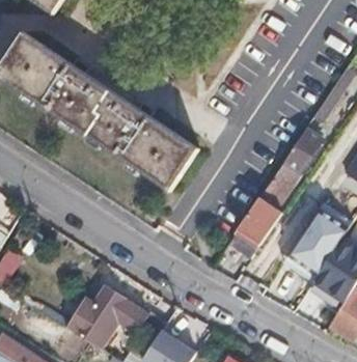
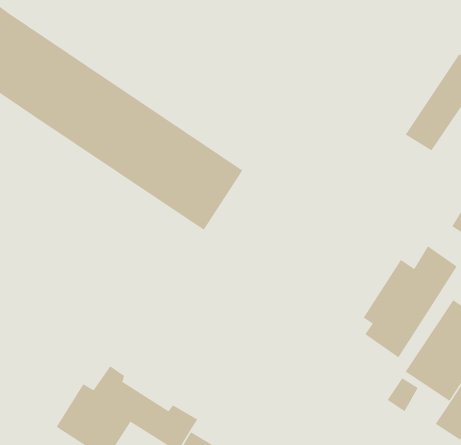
building: [224,127,323,266] -> none

